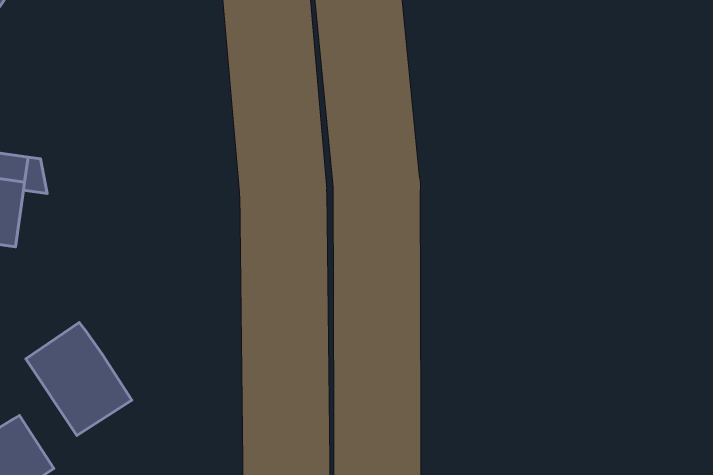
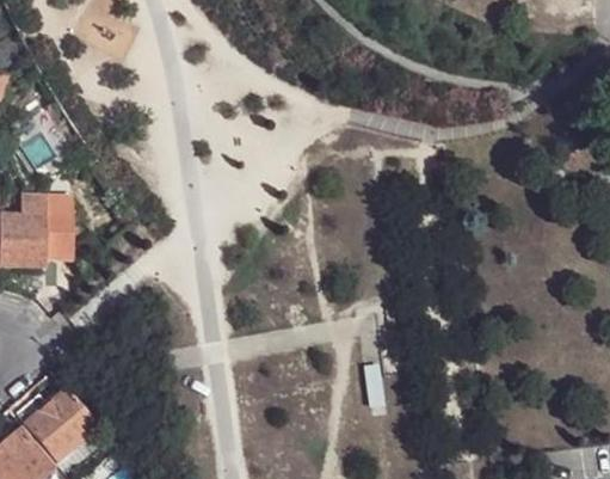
building: [26,323,132,436] -> none

